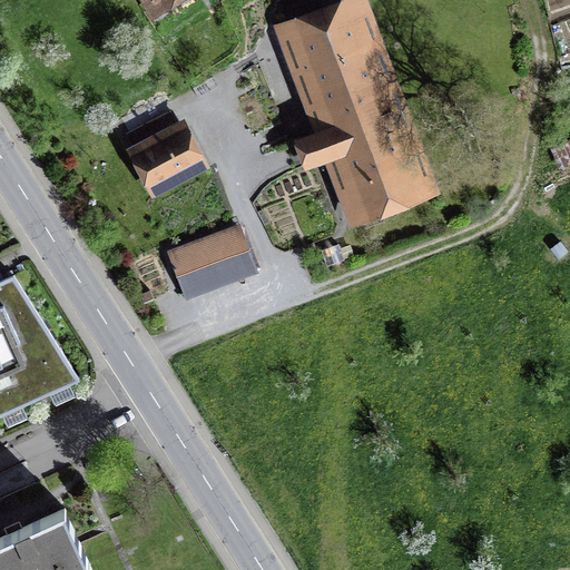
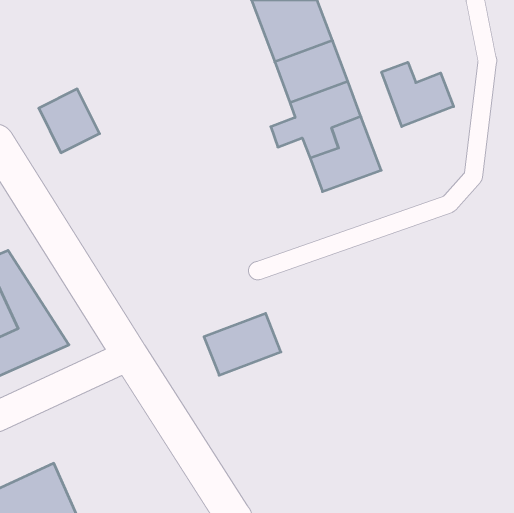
building: none -> [382,62,454,127]
building: [126,118,193,188] -> [39,89,100,153]
building: [166,233,250,301] -> [204,313,281,375]

